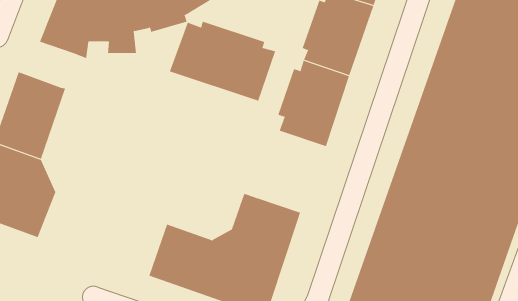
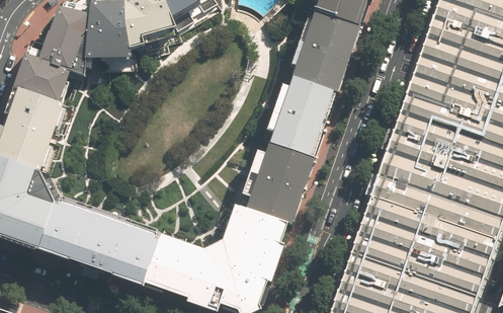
building: [169,21,276,102] -> none
building: none -> [16,54,72,102]
building: none -> [241,144,314,223]
building: none -> [38,199,161,283]

